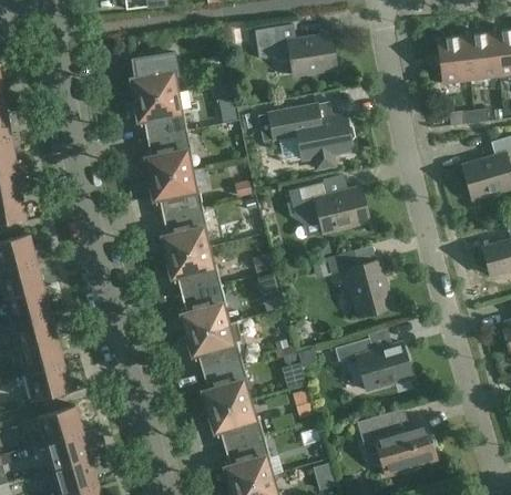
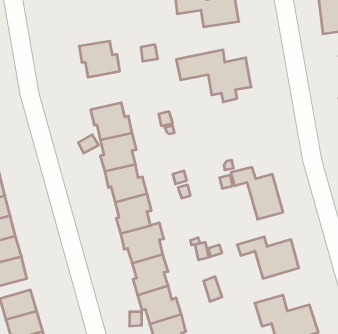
building: [132,52,177,100] -> none
building: [145,131,191,179] -> none
building: [288,183,368,233] -> none

